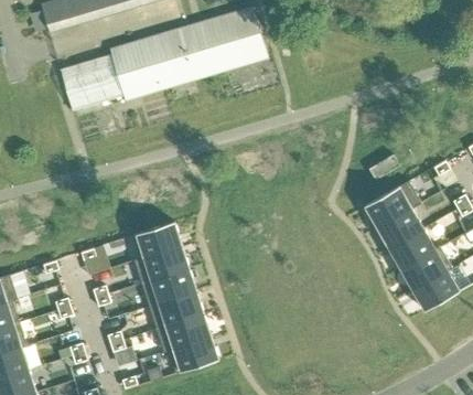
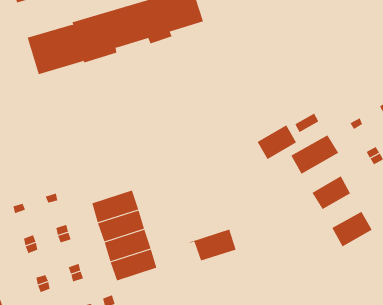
building: [377,202,423,248] -> [257,120,297,160]
building: [131,222,182,260] -> none
building: [401,246,452,289] -> none
building: [163,335,218,373] -> [189,229,237,261]

